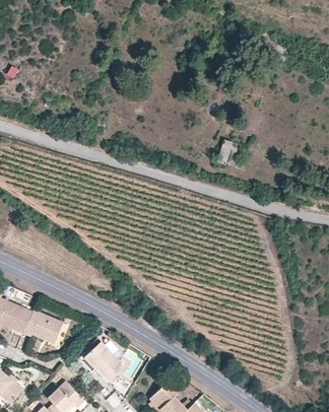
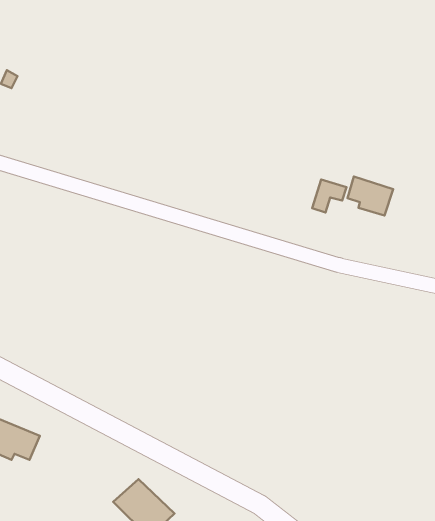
building: none -> [348,177,393,215]
building: [23,311,63,340] -> none

